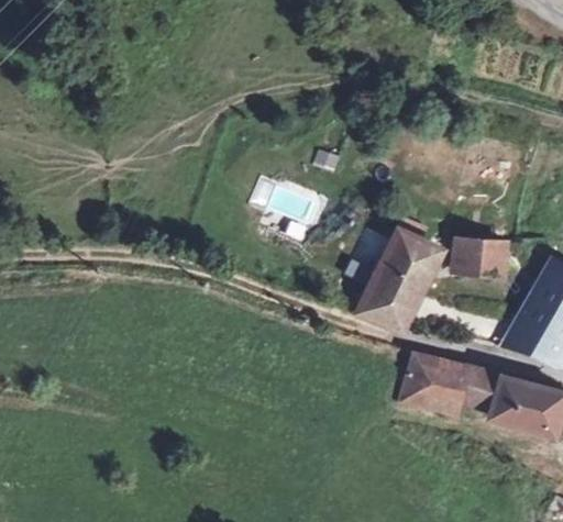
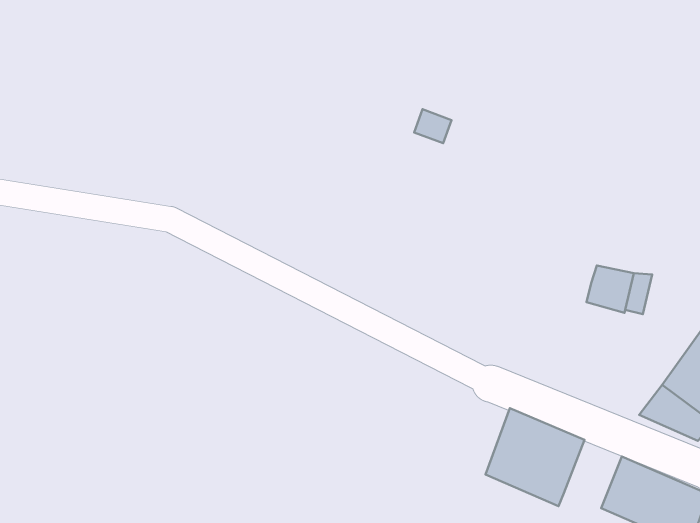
building: [354,226,434,325] -> none
building: [461,367,498,414] -> none

